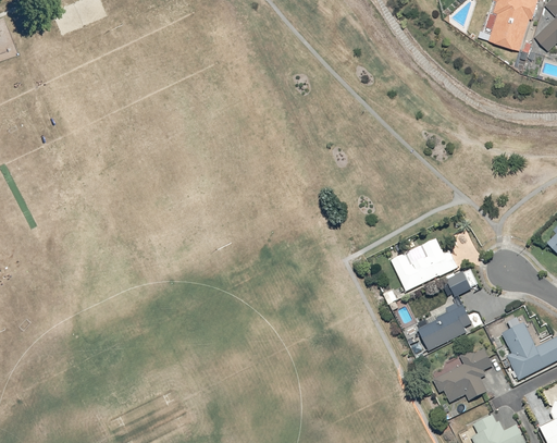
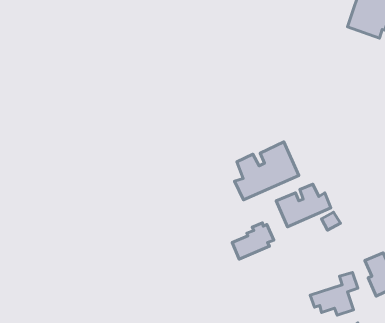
building: none -> [235,142,299,200]
building: [419,302,471,347] -> [232,223,274,259]

